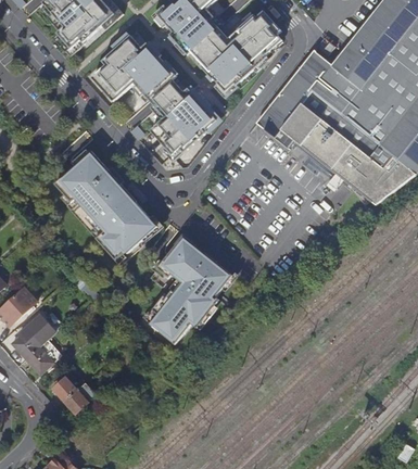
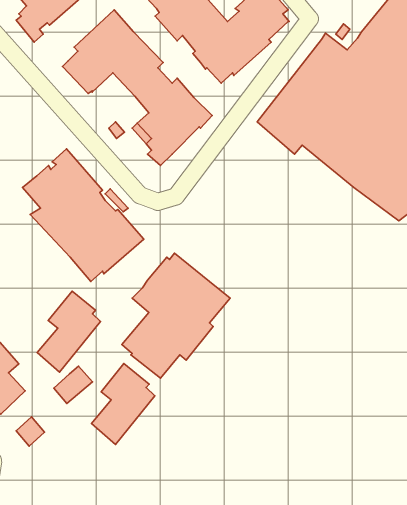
building: none -> [37,291,101,372]
building: none -> [92,364,155,444]
building: [63,380,96,411] -> [54,366,93,404]

